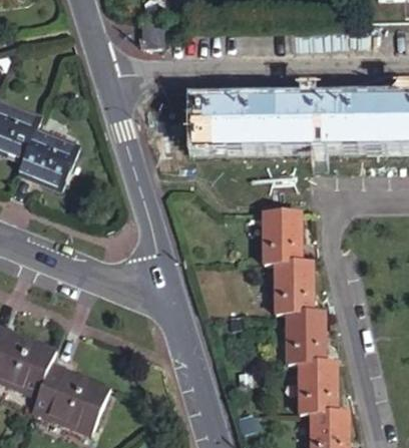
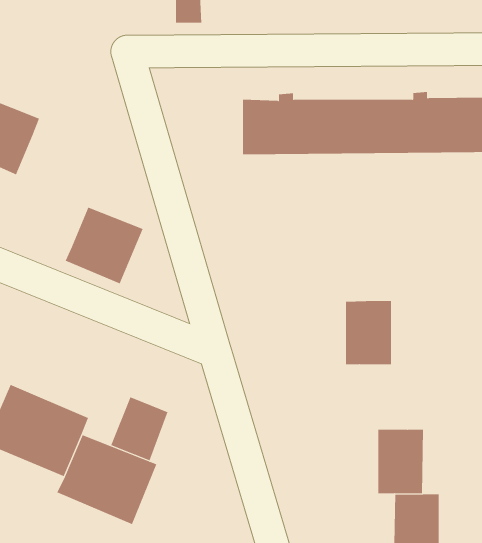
building: [13,129,74,189] -> [65,207,143,284]
building: [261,207,298,259] -> none
building: [284,308,323,358] -> none
building: none -> [111,397,168,461]

